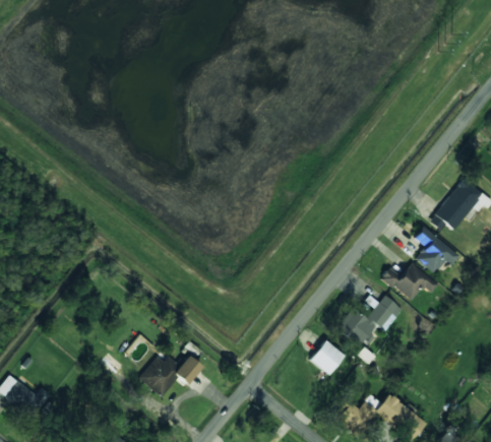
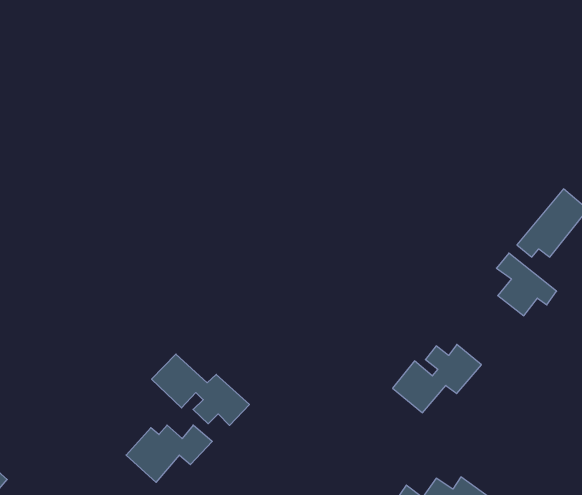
building: [381,262,439,301] -> none
building: none -> [152,354,249,425]
building: [310,340,345,381] -> none

